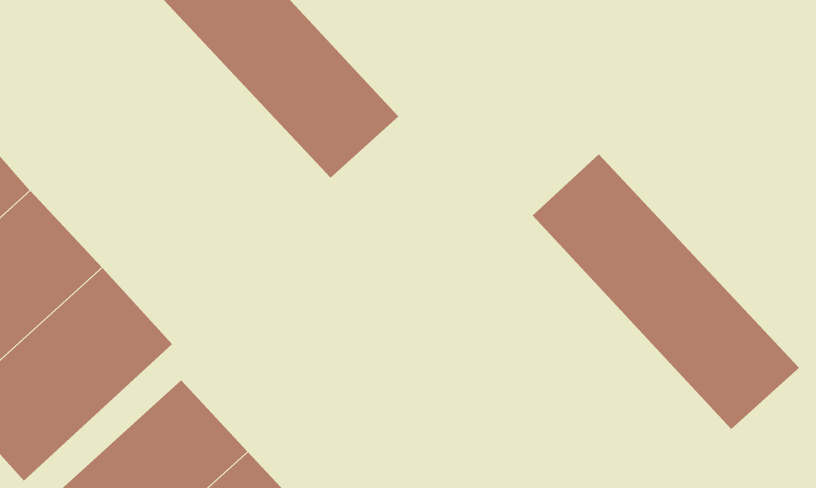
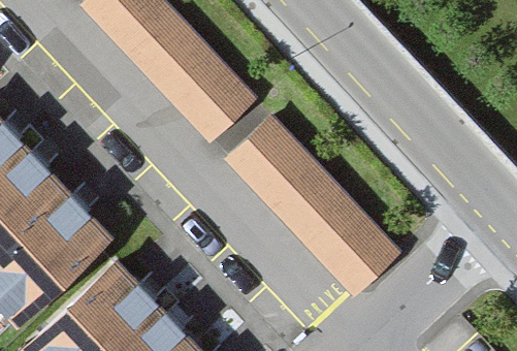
building: [532,153,800,430] -> [229,121,394,291]

